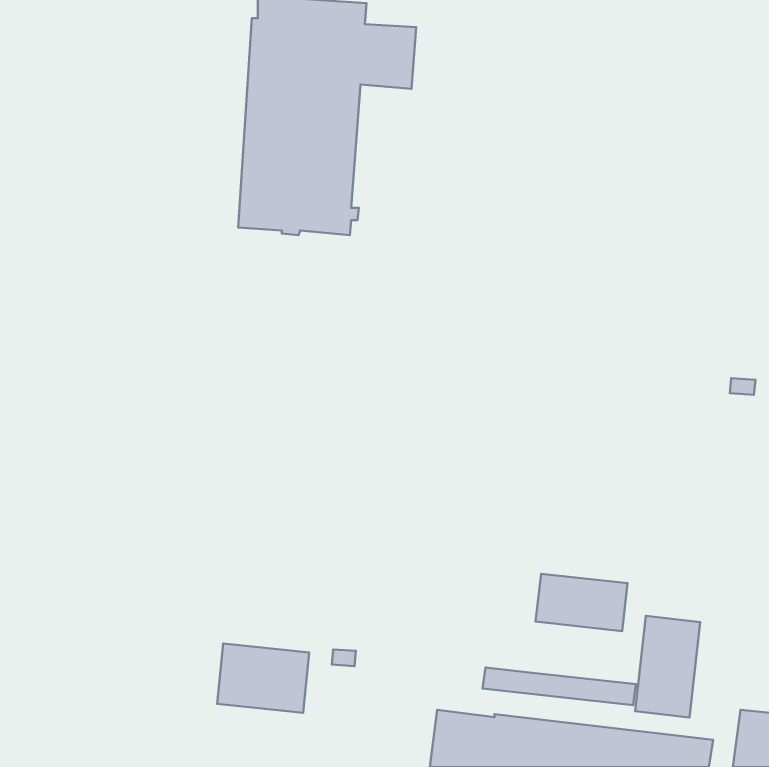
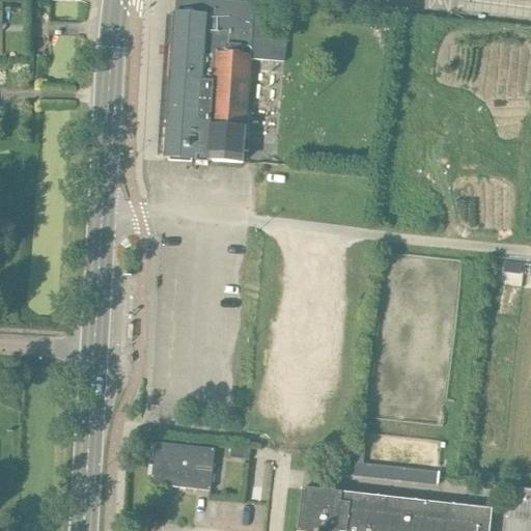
building: [536,574,628,631] -> none
building: [635,616,700,717] -> none

